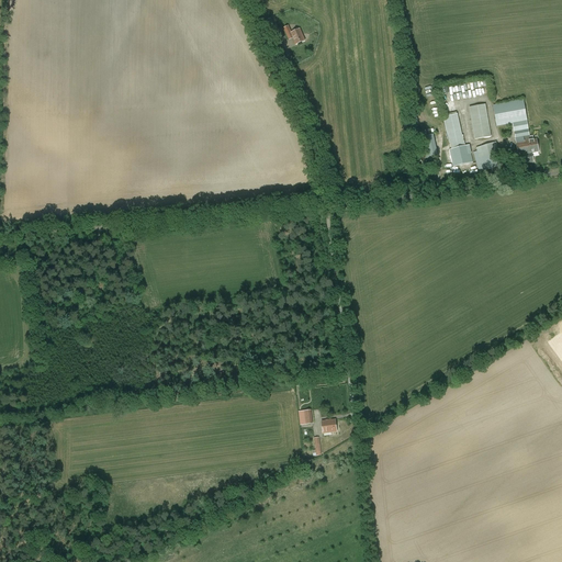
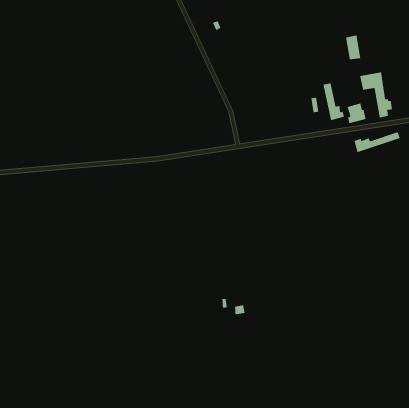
building: [468,102,490,137] -> [345,35,361,60]
building: none -> [354,131,401,153]

